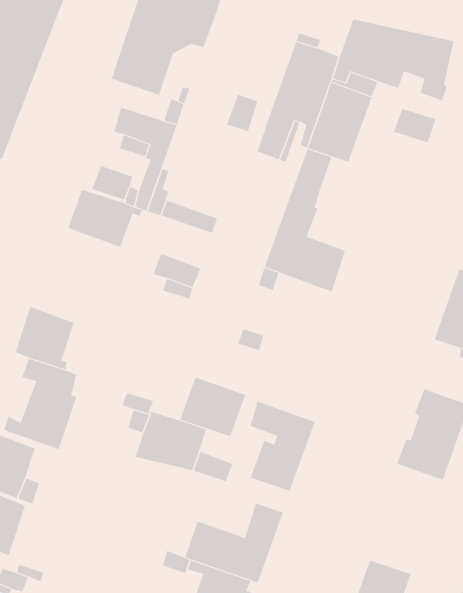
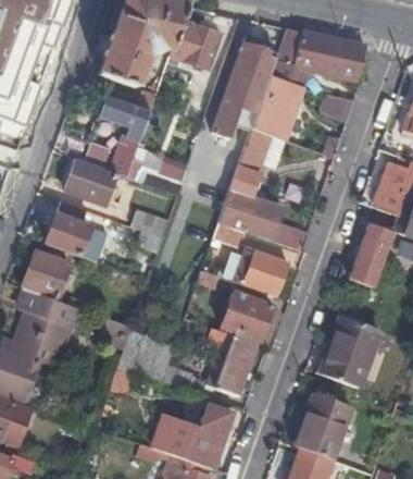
building: none -> [170,21,222,70]
building: none -> [46,201,90,256]
building: none -> [235,247,288,295]
building: [179,377,246,437] -> [220,293,272,340]
building: none -> [293,394,352,460]

